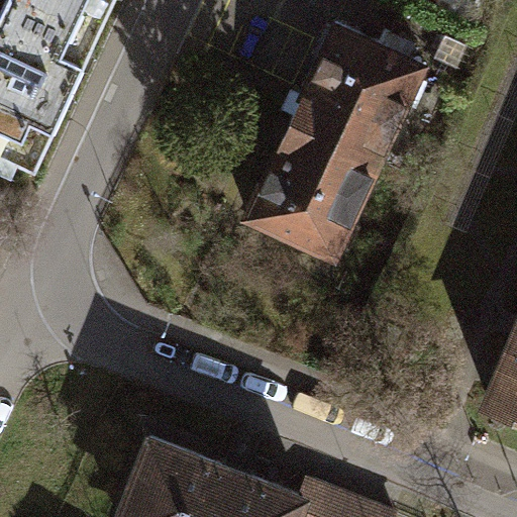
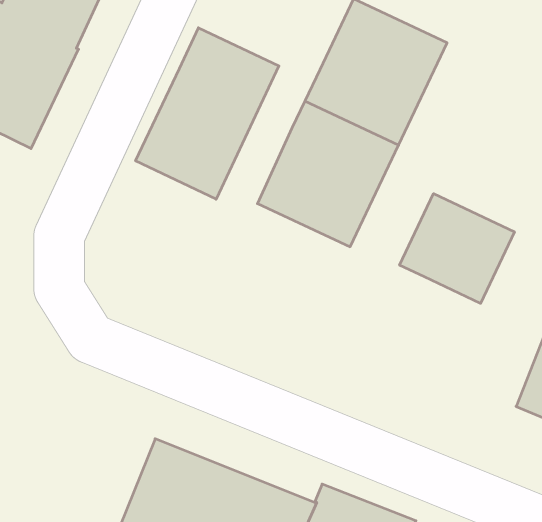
building: none -> [136,28,279,199]
building: none -> [400,194,514,303]

